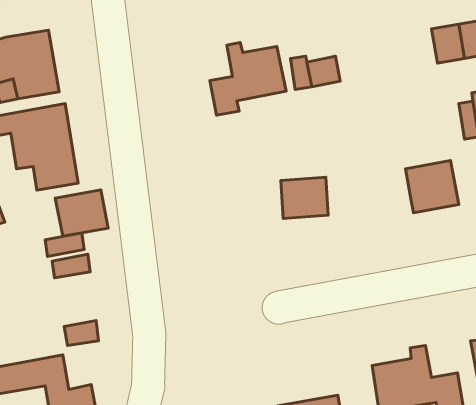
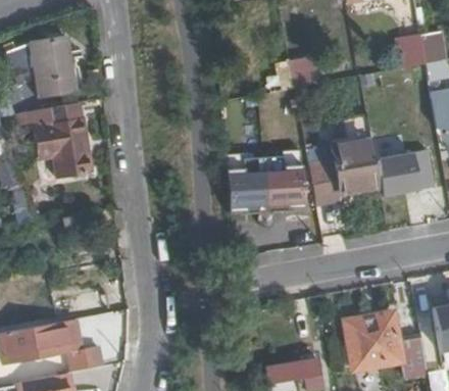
building: [210,42,286,115] -> none
building: none -> [308,123,380,205]
building: none -> [229,169,269,204]
building: [55,190,108,236] -> none

